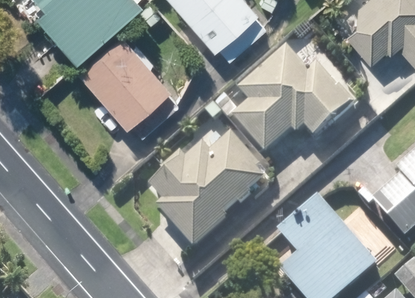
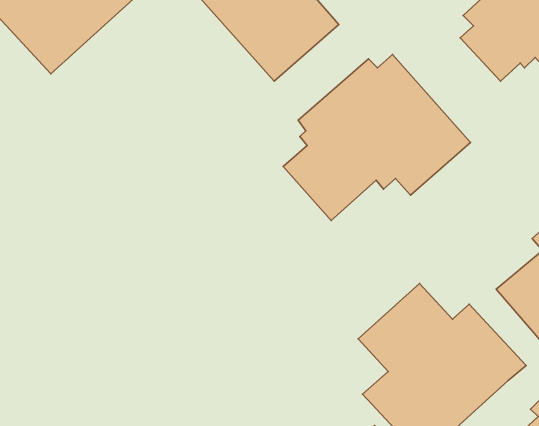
building: [75,28,183,139] -> none
building: [140,119,268,246] -> none

